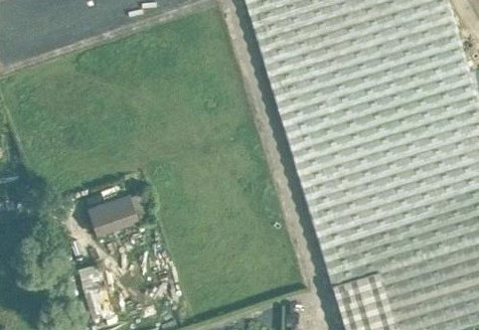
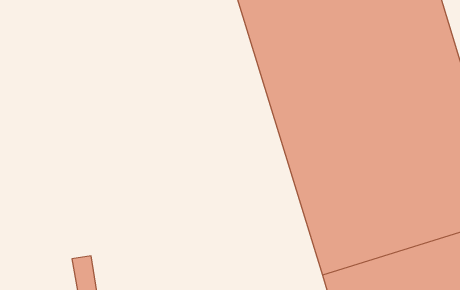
building: [88,191,149,235] -> none

